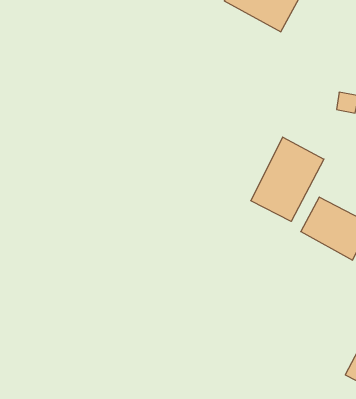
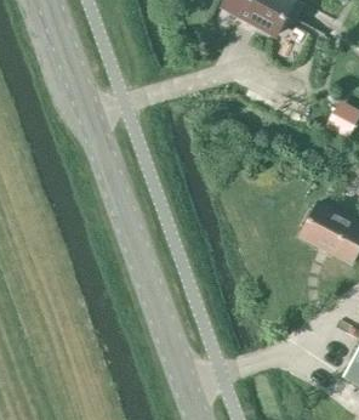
building: [251,137,324,221] -> none

